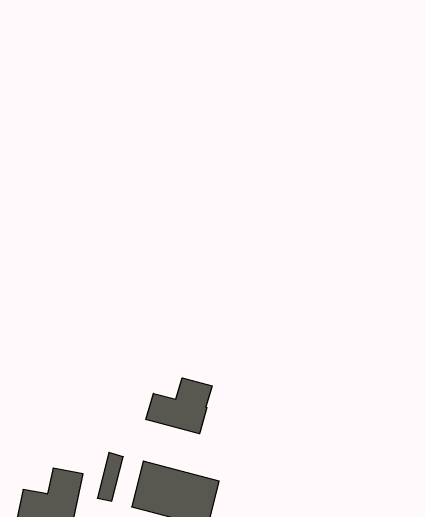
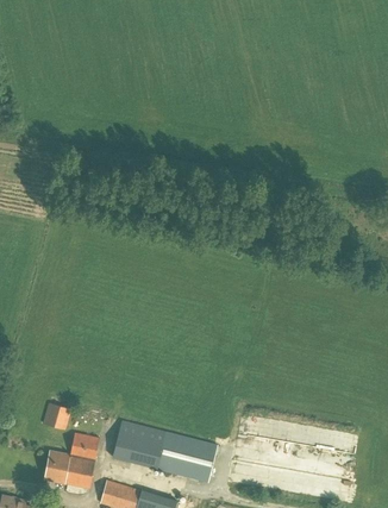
building: [146,378,212,434] -> none
building: none -> [43,403,71,431]

